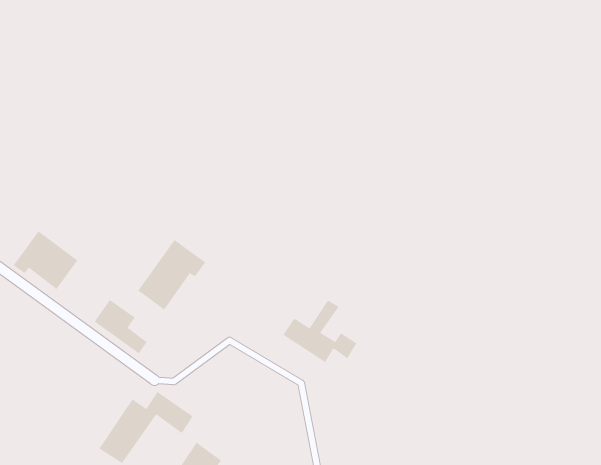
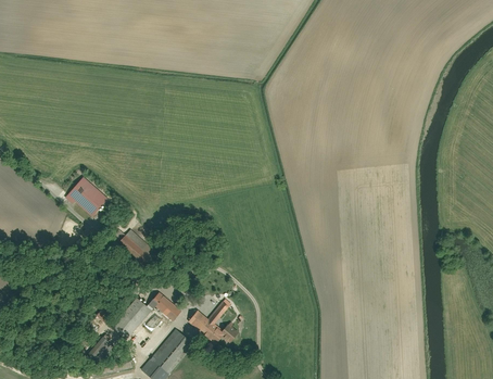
building: [138,239,206,311] -> none
building: [283,300,358,363] -> [186,299,236,341]

